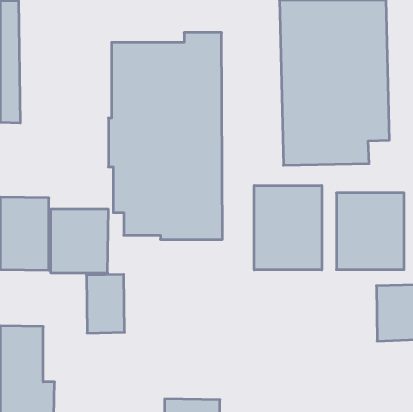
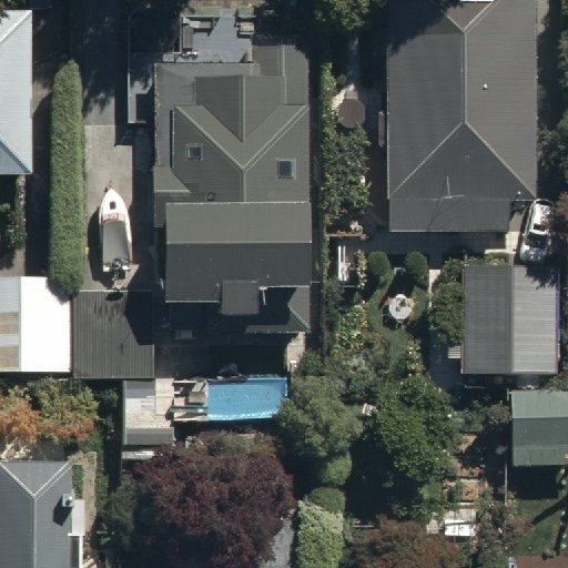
building: [254,185,322,270] -> none

